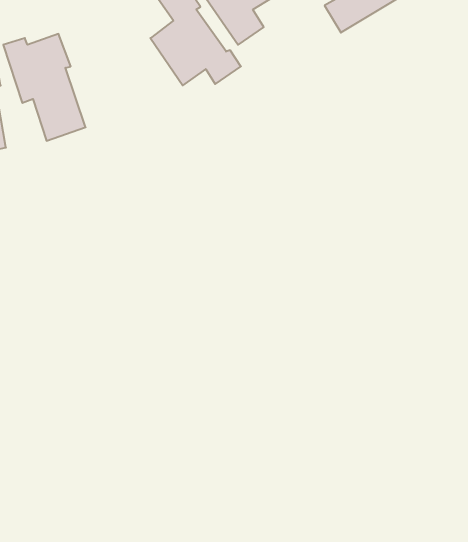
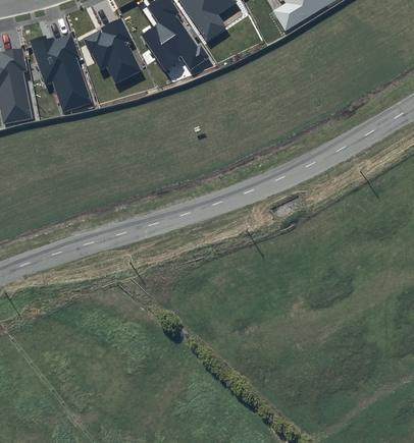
building: none -> [83,18,141,84]

